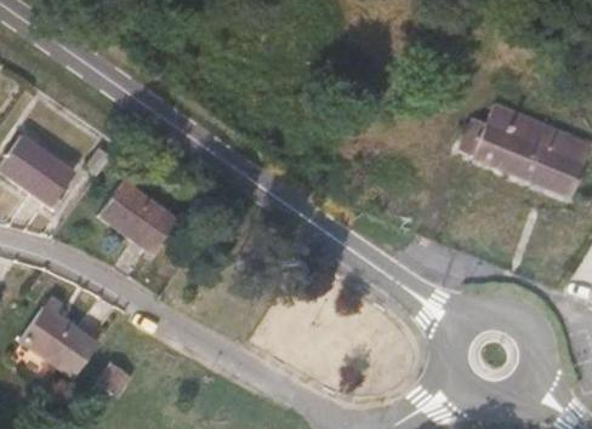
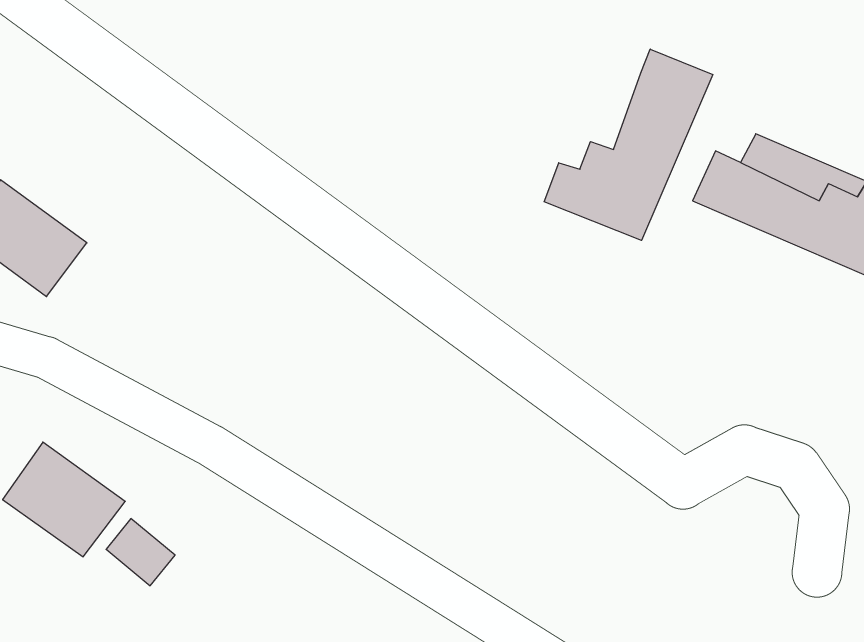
building: none -> [544,49,713,240]
building: [101,182,180,254] -> none

